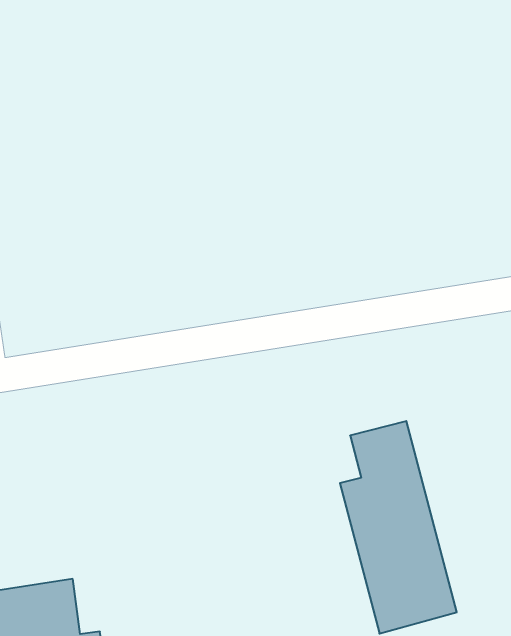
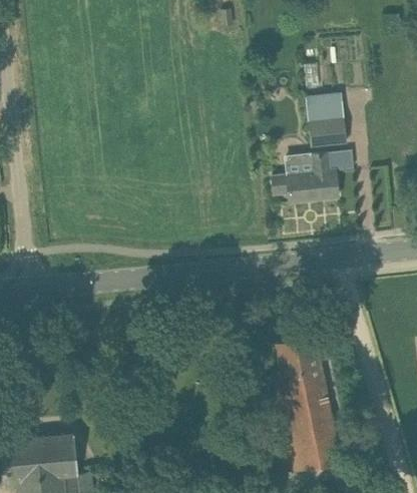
building: none -> [305,91,347,145]
building: none -> [272,149,353,202]

